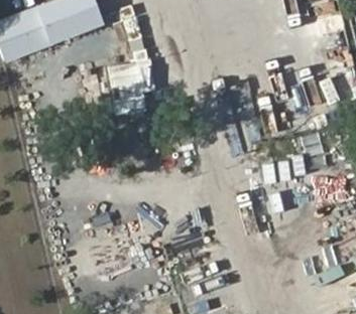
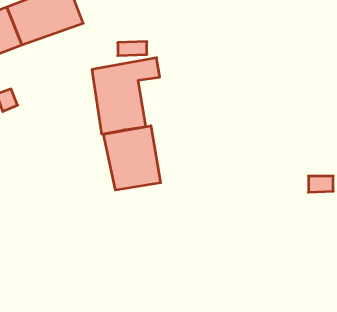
building: none -> [104,126,161,190]

